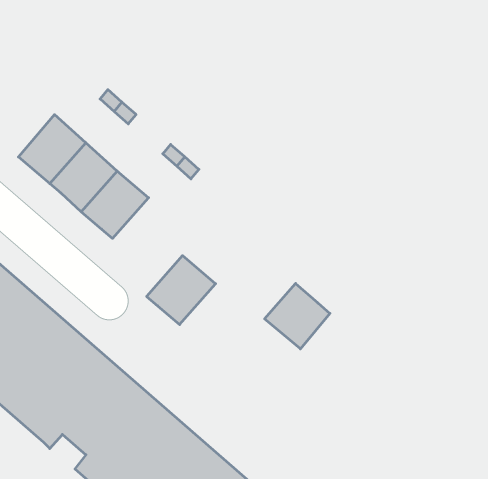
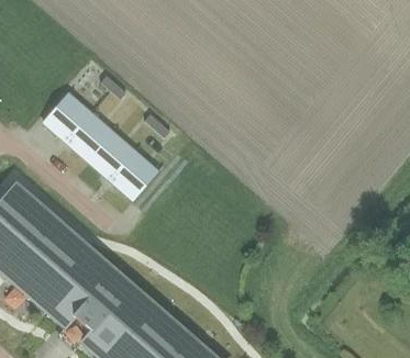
building: [147,256,216,325] -> [110,150,158,199]
building: [265,283,330,349] -> none

